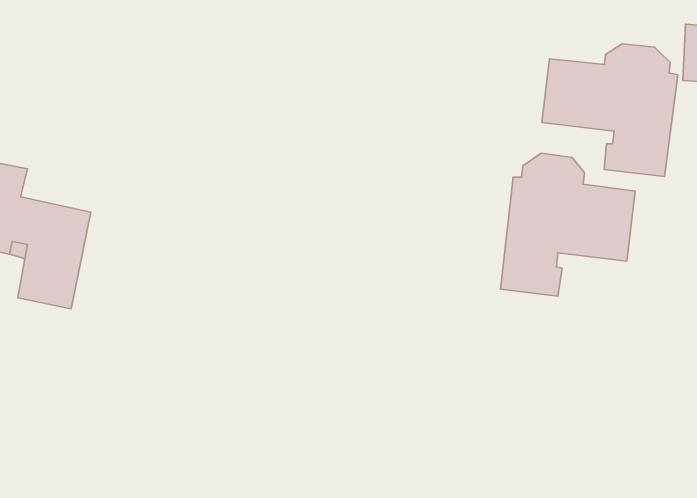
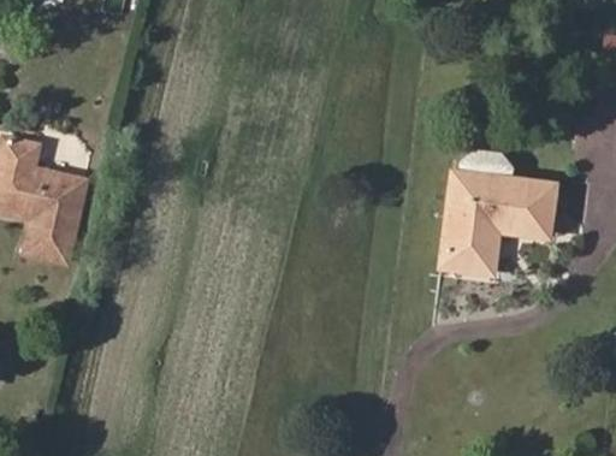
building: [542,44,678,177] -> none

